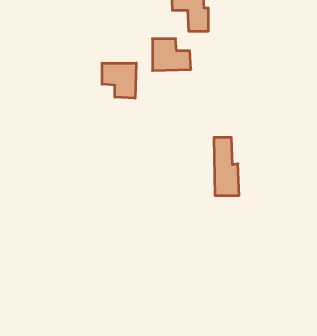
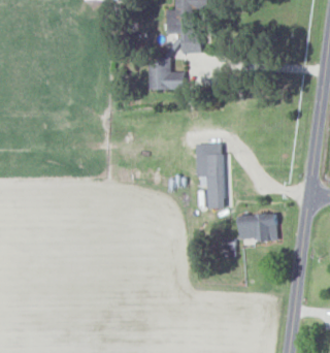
building: [102,63,136,98] -> none
building: none -> [238,214,277,242]

